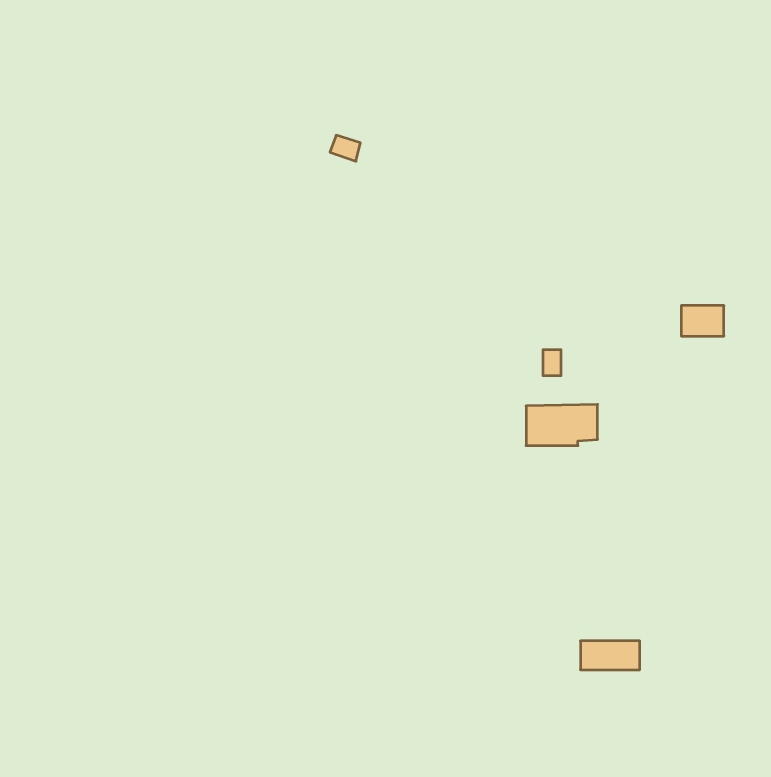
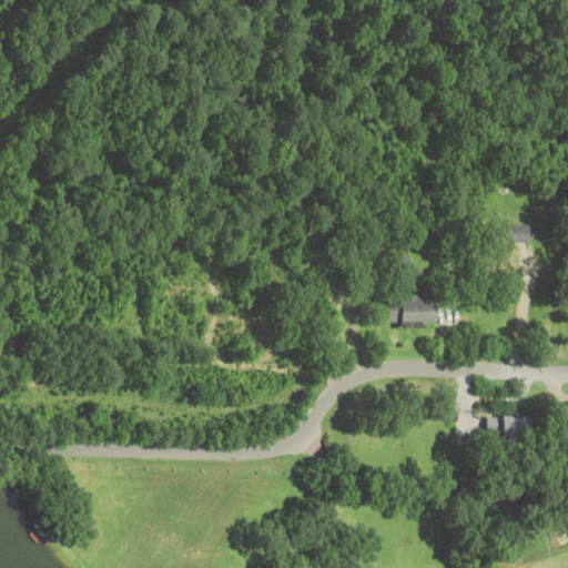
building: [580,641,640,670] -> [489,416,532,437]

